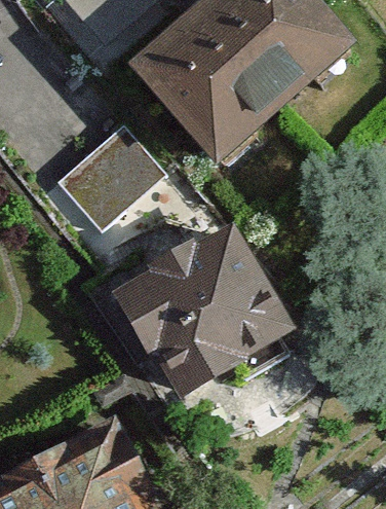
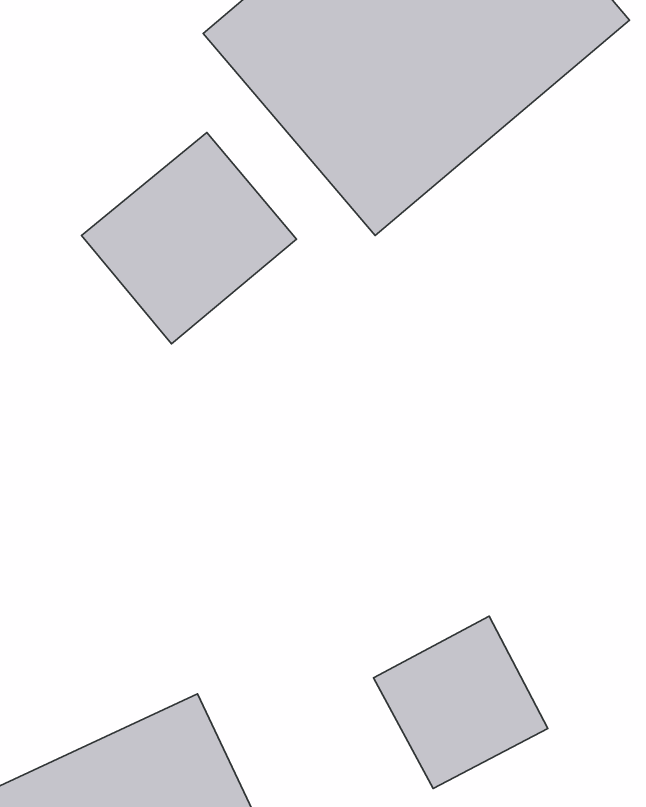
building: [124,231,274,377] -> none
building: none -> [374,616,548,789]

